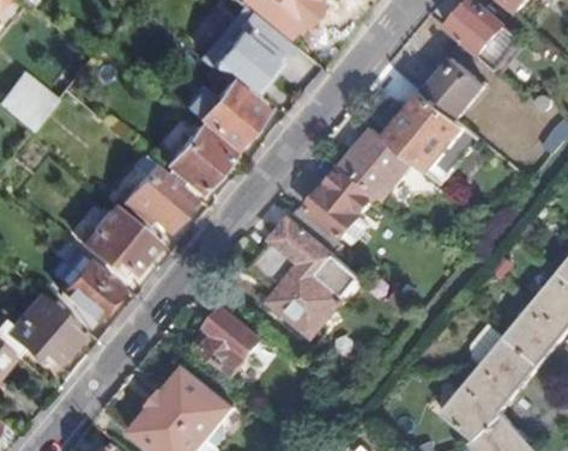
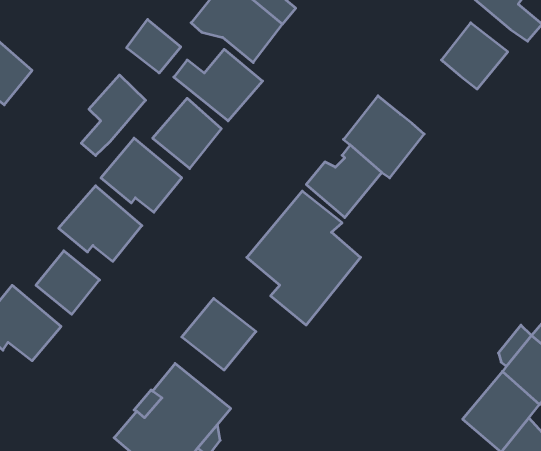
building: none -> [127,19,181,73]
building: [388,93,482,187] -> none
building: none -> [81,75,146,156]

